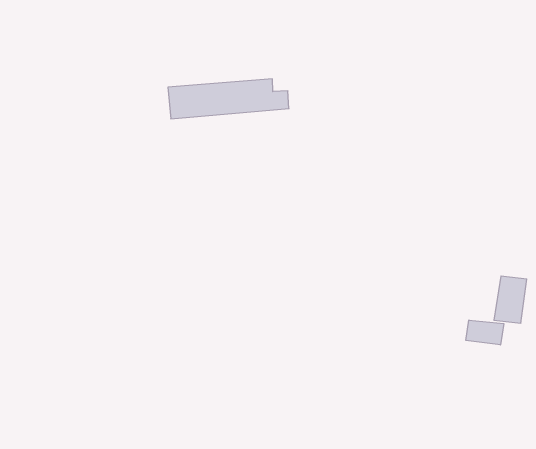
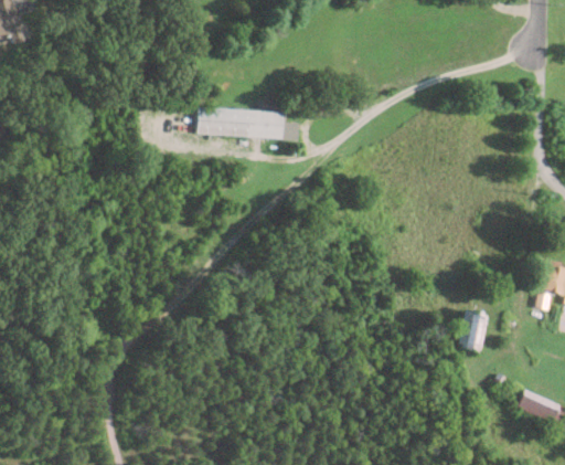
building: [466,320,504,345] -> none

